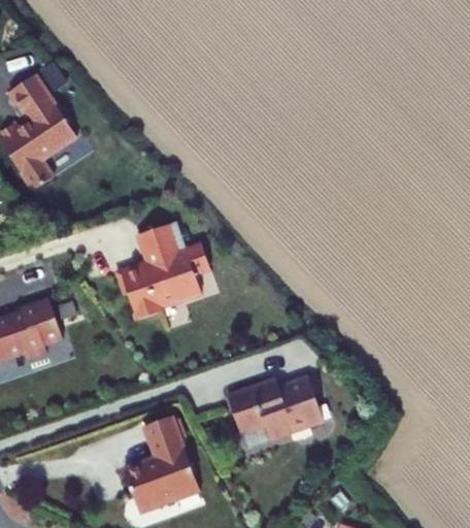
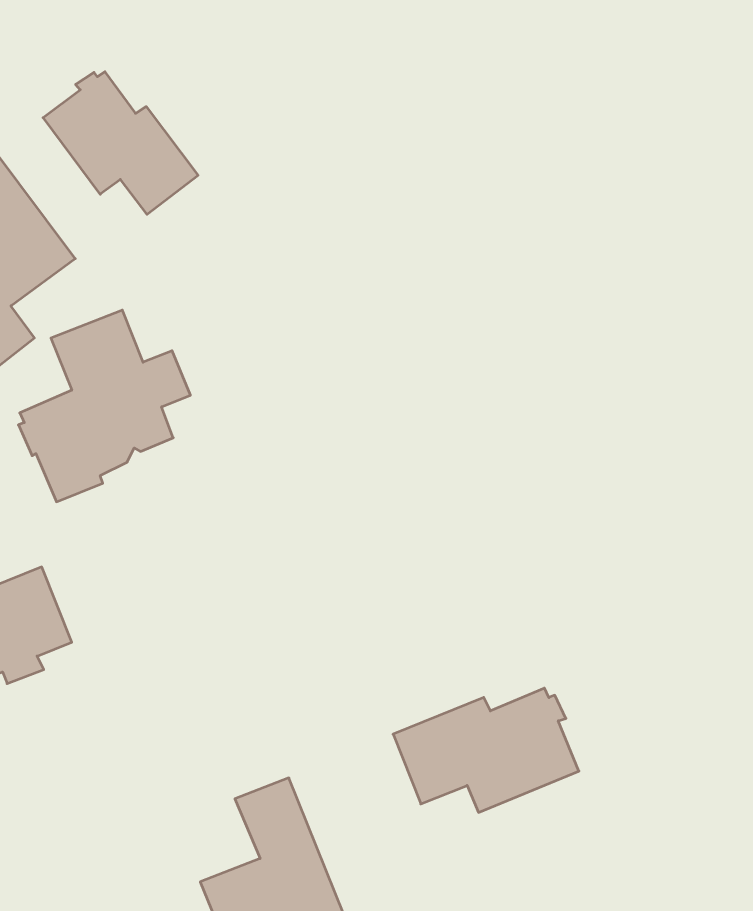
building: none -> [43,72,198,214]
building: [120,222,210,320] -> [18,310,190,502]

